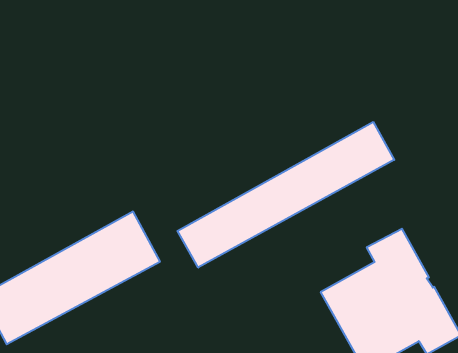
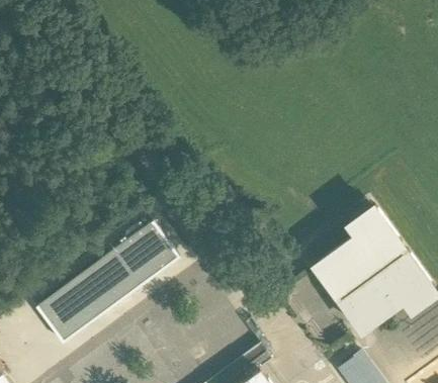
building: [177,122,394,268] -> none

